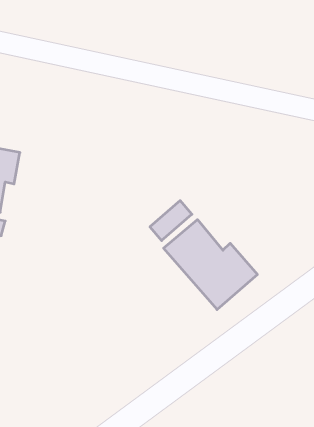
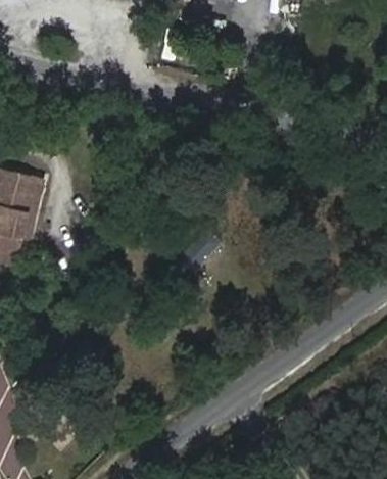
building: [164,220,257,310] -> none

